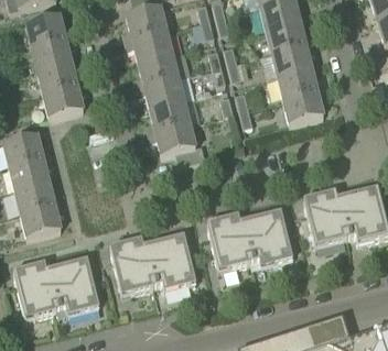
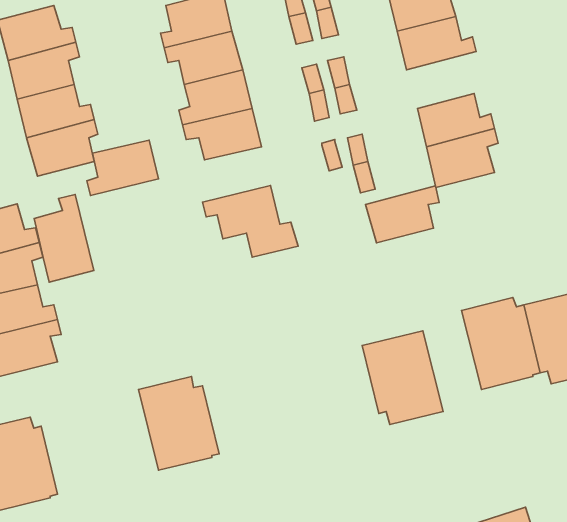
building: [271,44,315,78] -> [366,186,439,243]
building: [147,101,190,134] -> [87,140,158,195]
building: none -> [34,195,94,282]
building: [207,216,255,271] -> none
building: [149,235,196,292] -> none
building: [52,260,99,316] -> none

